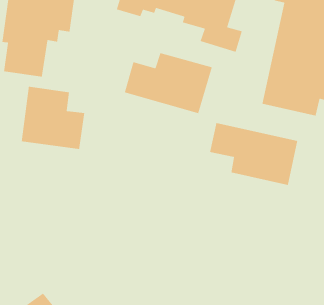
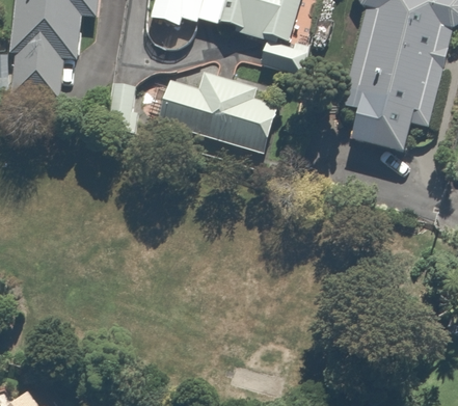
building: [21,86,85,150] -> none
building: [209,122,298,186] -> none

